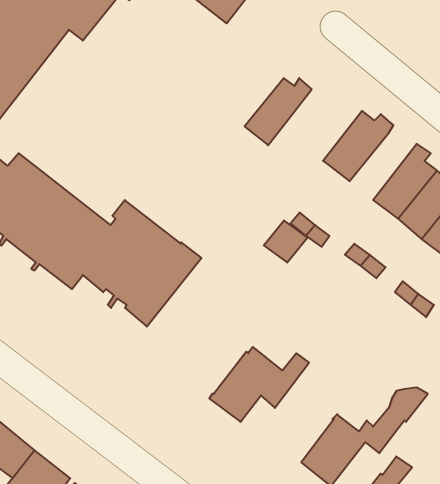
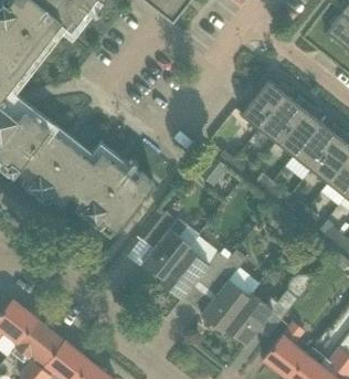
building: [245,78,312,145] -> [258,95,306,143]
building: none -> [141,212,190,280]
building: none -> [200,252,260,331]

